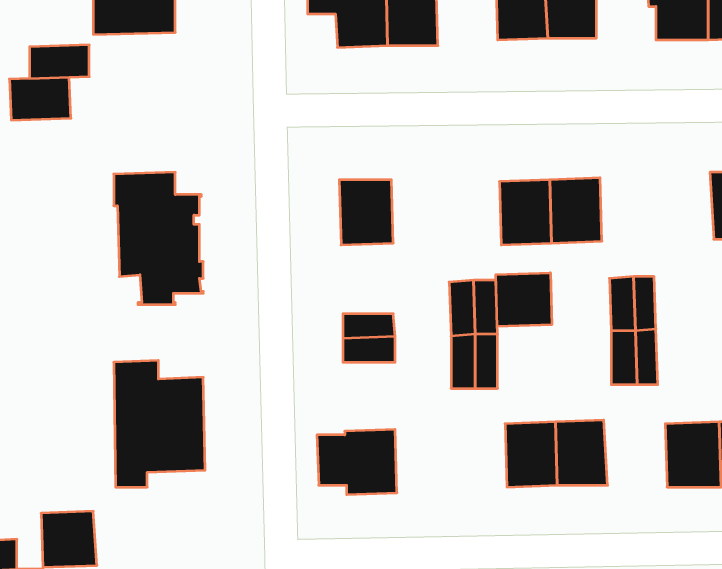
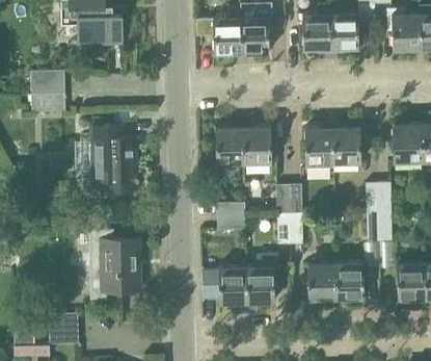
building: [30,45,89,78] -> [32,94,65,112]
building: none -> [394,124,424,162]
building: none -> [244,127,277,163]
building: [496,273,552,327] -> none
building: none -> [246,255,279,303]

